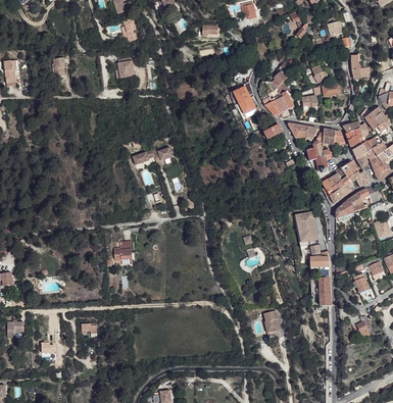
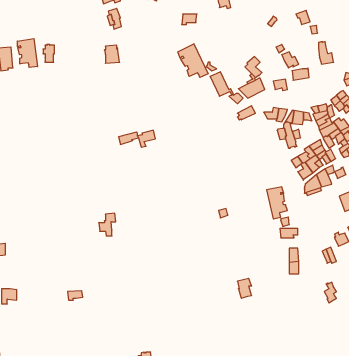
building: none -> [17,39,37,67]
building: none -> [178,44,208,77]

